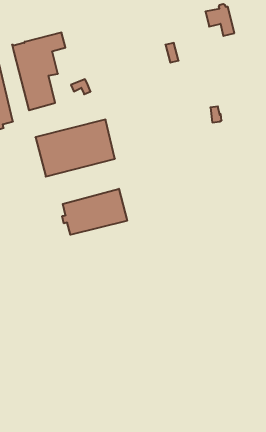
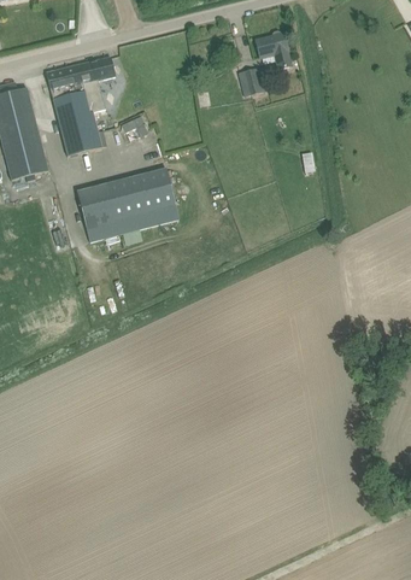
building: [205,4,234,36] -> [254,30,292,71]
building: [62,189,127,235] -> none

